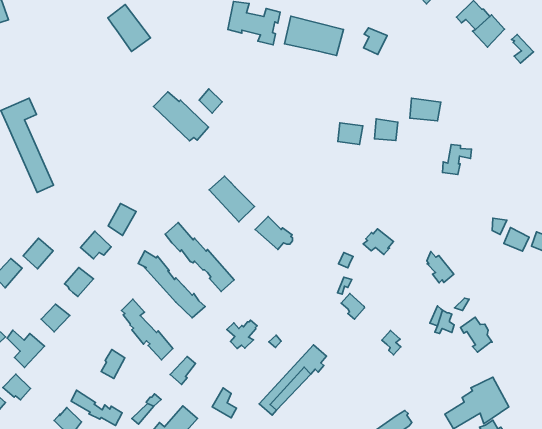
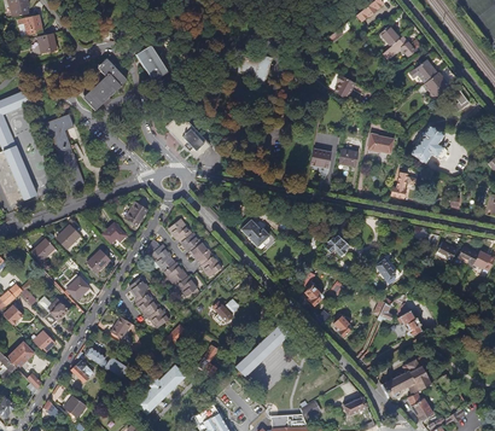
building: [285,16,343,55] -> none
building: none -> [85,58,127,106]
building: none -> [410,124,443,161]
building: [209,176,255,222] -> none

